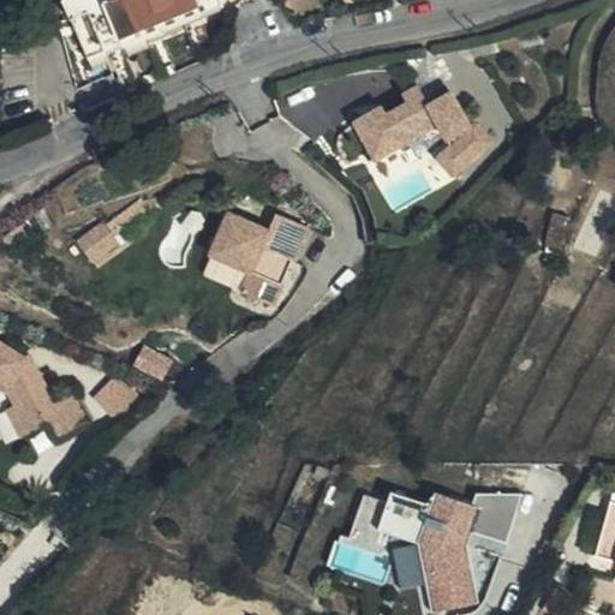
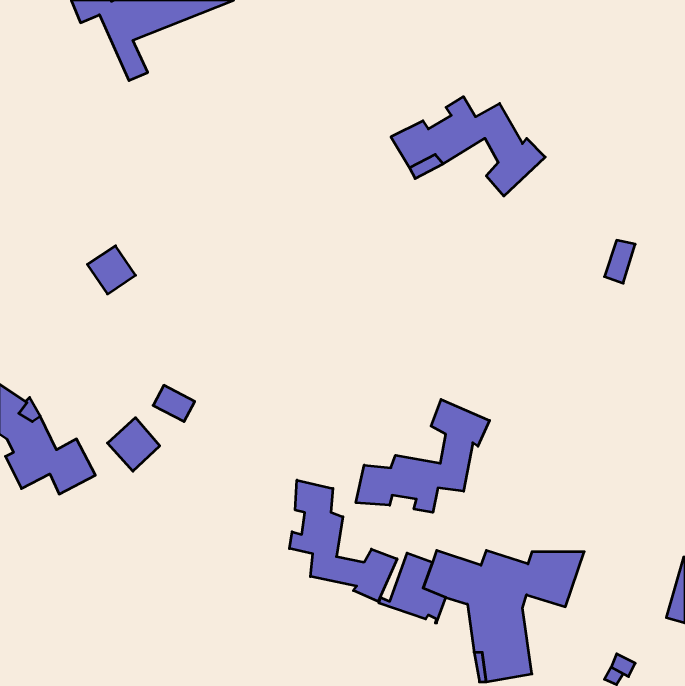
building: [203,217,301,310] -> none
building: none -> [356,399,490,512]
building: none -> [289,480,397,602]

